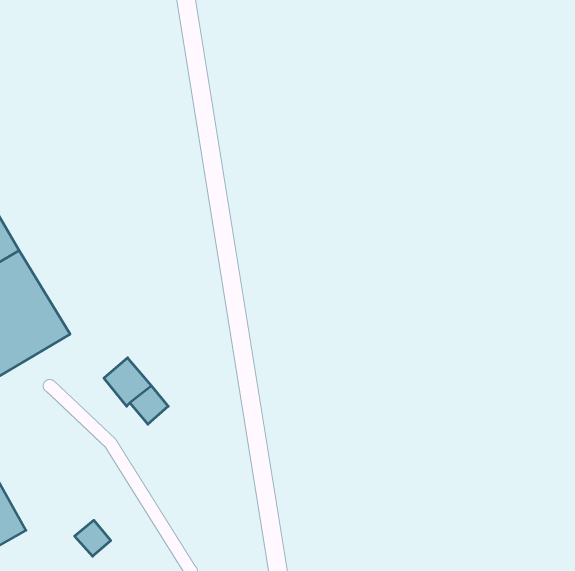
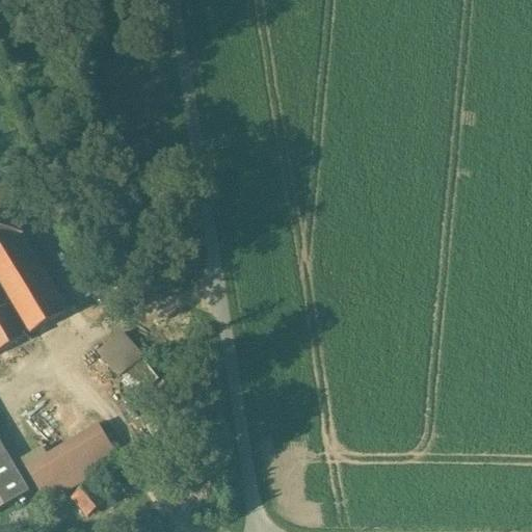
building: none -> [23,420,117,500]

